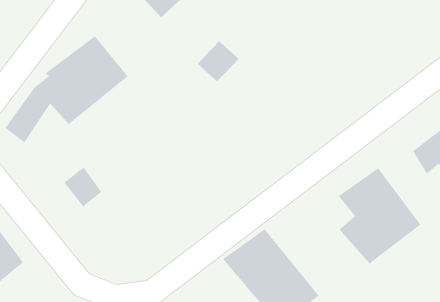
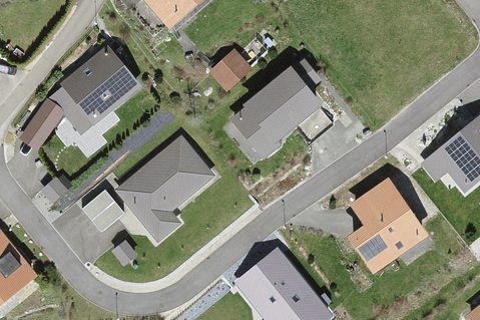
building: none -> [229,62,325,165]
building: none -> [106,123,209,235]

